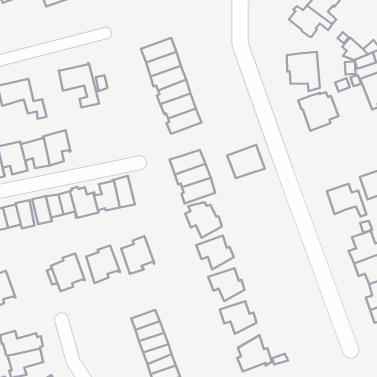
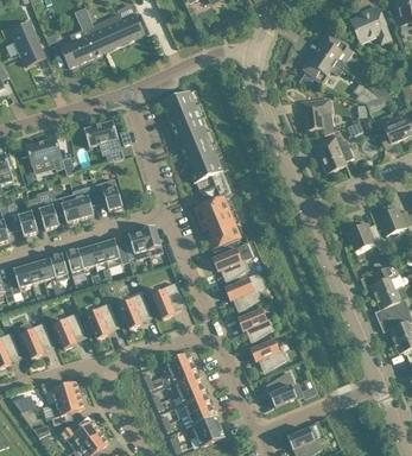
building: none -> [93,179,122,211]
building: [227,145,265,178] -> [195,171,232,204]
building: none -> [53,312,87,349]

